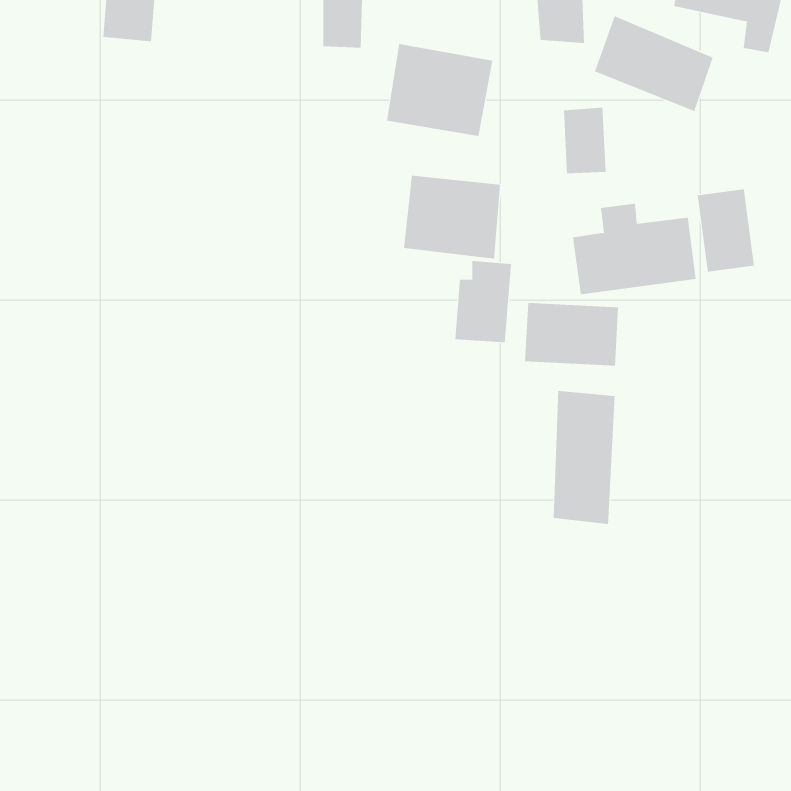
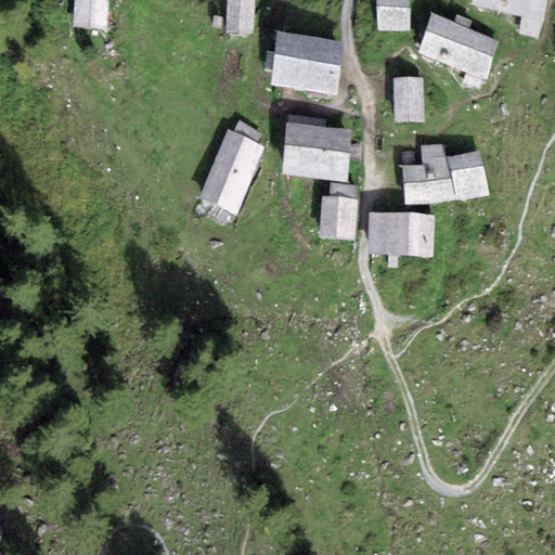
building: none -> [196,121,266,214]
building: [697,188,755,273] -> none
building: [553,390,615,525] -> none

